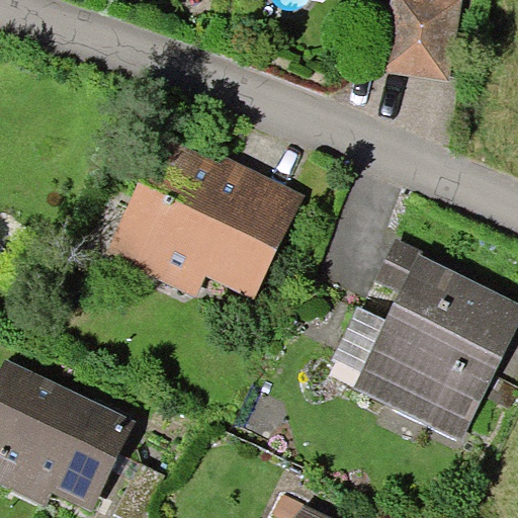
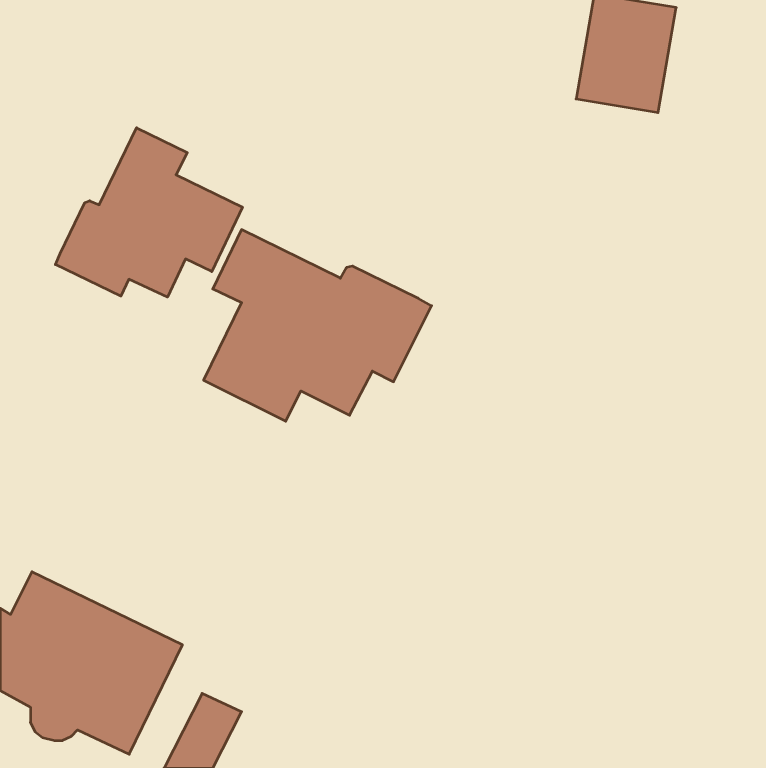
building: none -> [55,128,242,297]
building: [366,247,513,439] -> none

